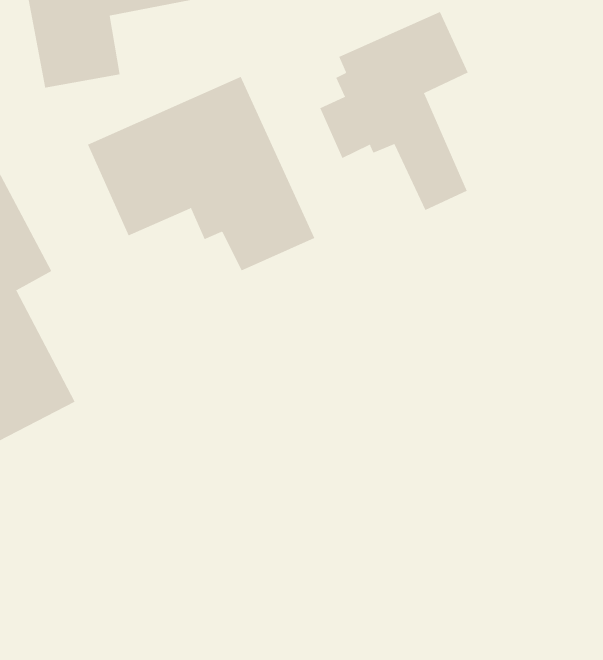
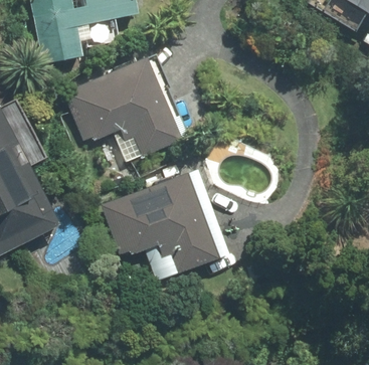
building: [319,11,468,211] -> none
building: none -> [104,173,219,275]

